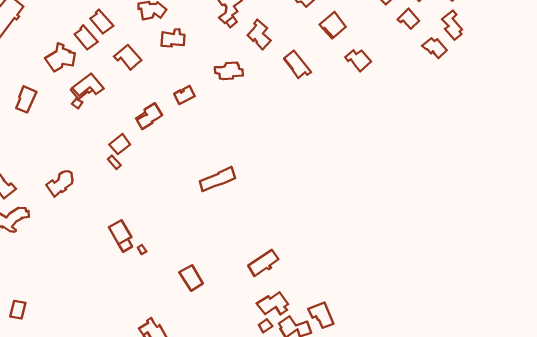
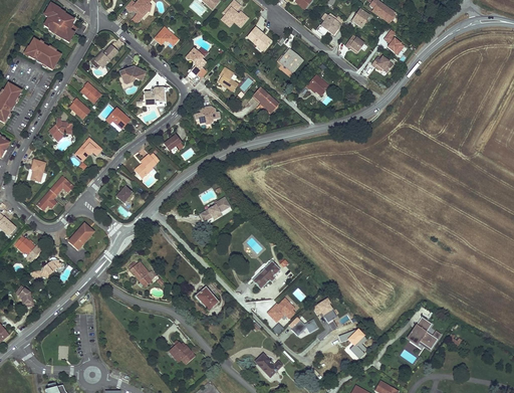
building: none -> [36,176,74,209]

